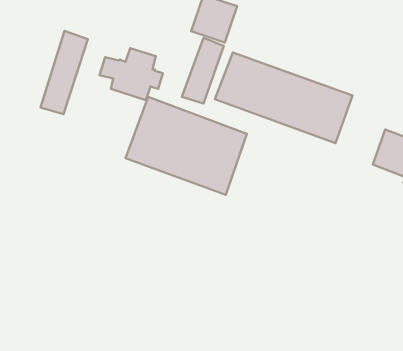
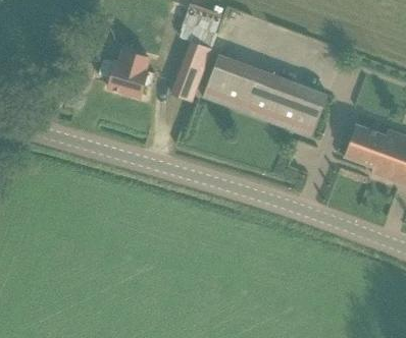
building: [41,31,88,114] -> none
building: [125,97,247,195] -> none

